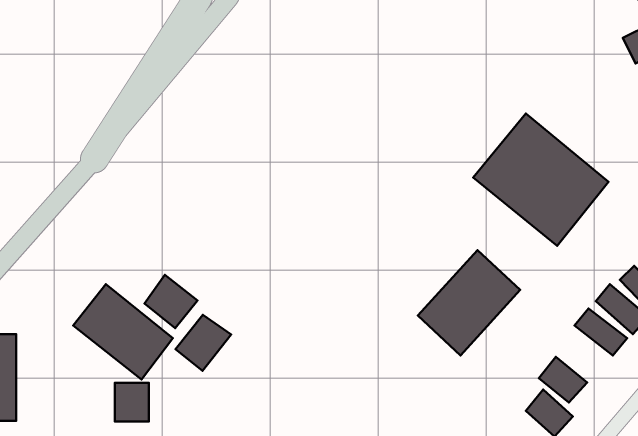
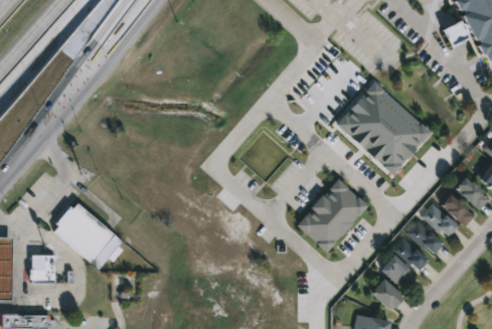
building: [145,275,197,328] -> none
building: [175,315,231,371] -> none
building: none -> [394,236,429,271]
building: [115,383,149,421] -> [31,257,55,284]

